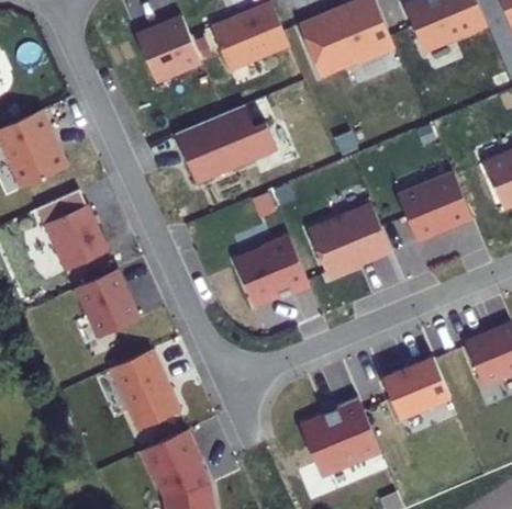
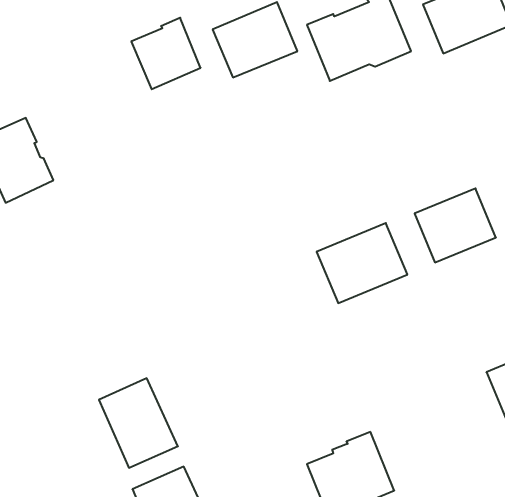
building: [174,103,276,182] -> none
building: [43,203,108,270] -> none
building: [233,234,310,304] -> none
building: [75,268,137,336] -> none
building: [382,358,449,419] -> none

